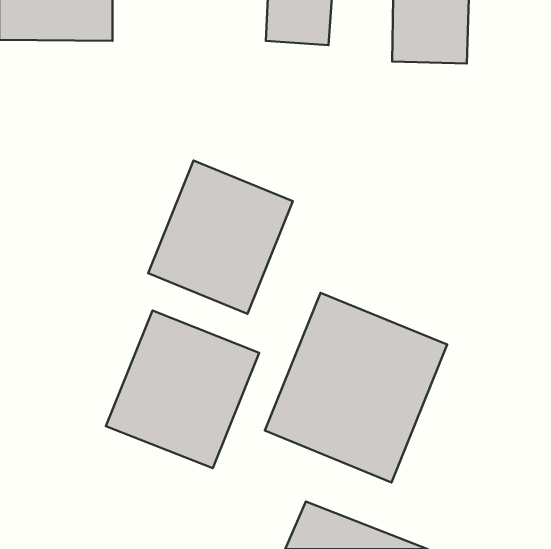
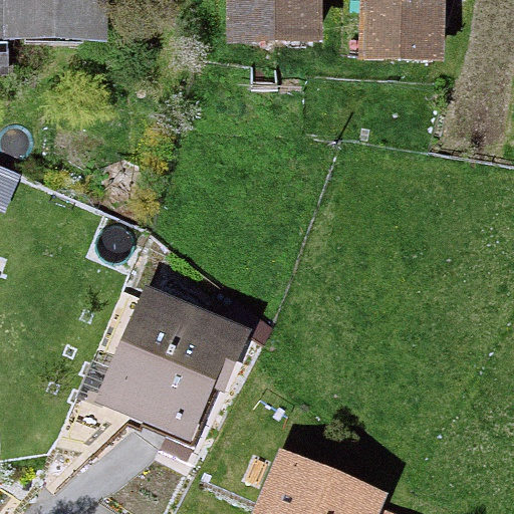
building: [148,161,293,314] -> none
building: [265,293,447,482] -> none

